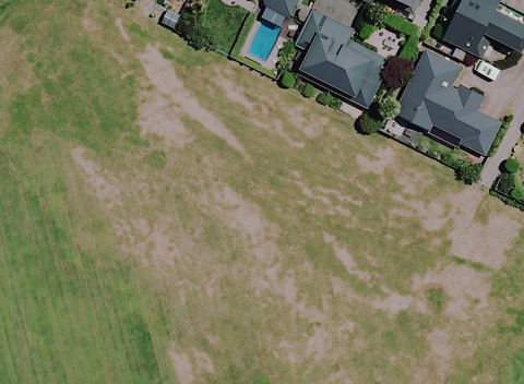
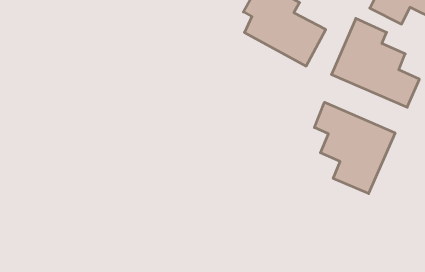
building: none -> [314,102,395,194]

